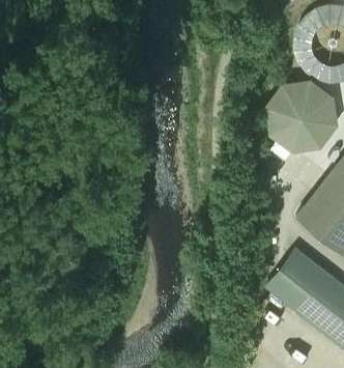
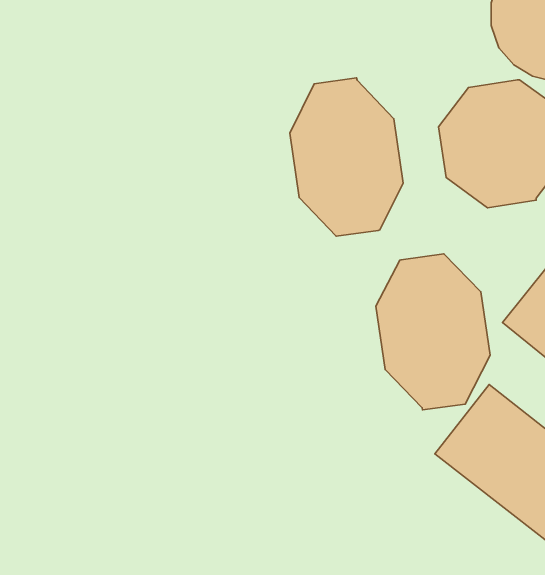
building: none -> [290,78,403,236]
building: none -> [376,254,490,410]

